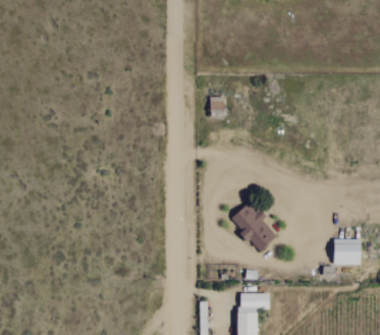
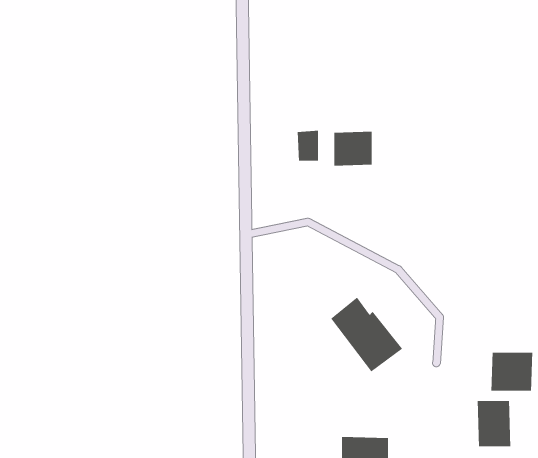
building: none -> [334,131,373,167]
building: none -> [477,400,511,447]

